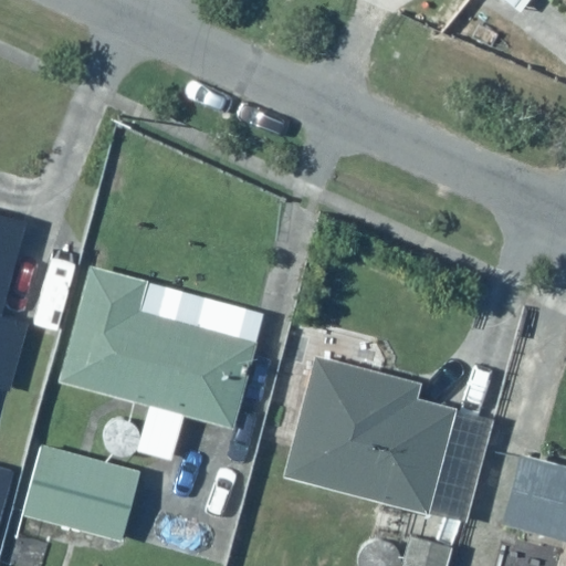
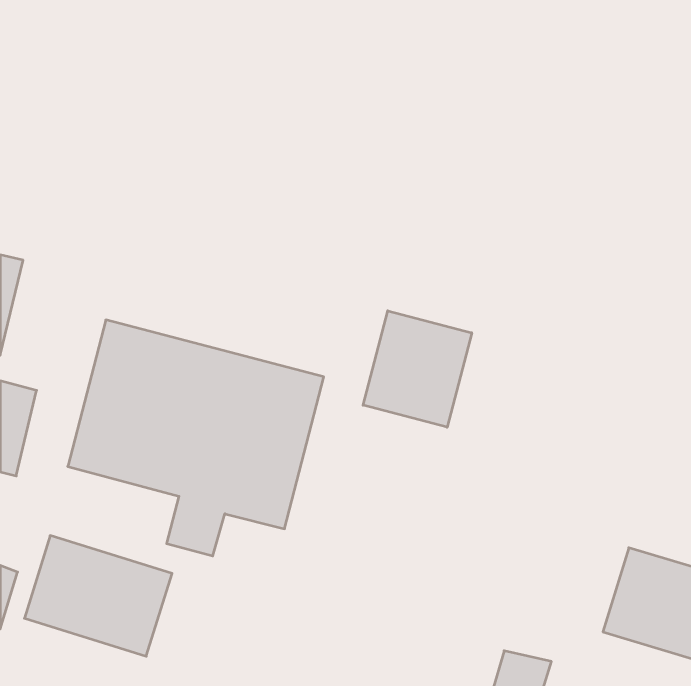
building: none -> [363,311,472,427]
building: [285,356,459,513] -> none

